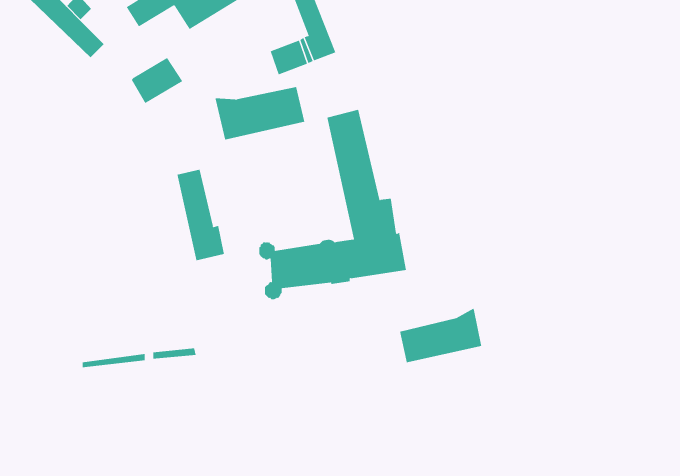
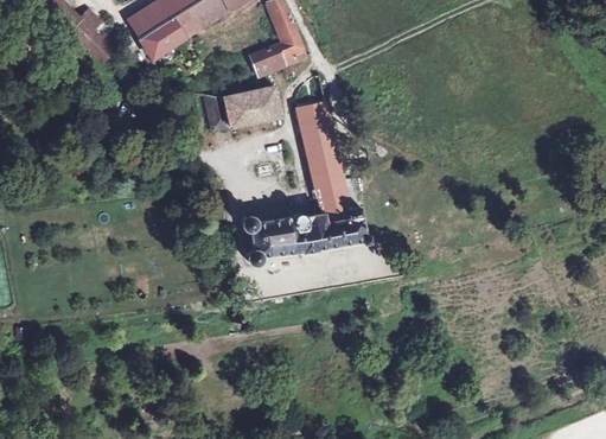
building: [131,57,183,104] -> [139,18,183,57]
building: [177,169,225,261] -> none
building: [400,308,482,363] -> none

